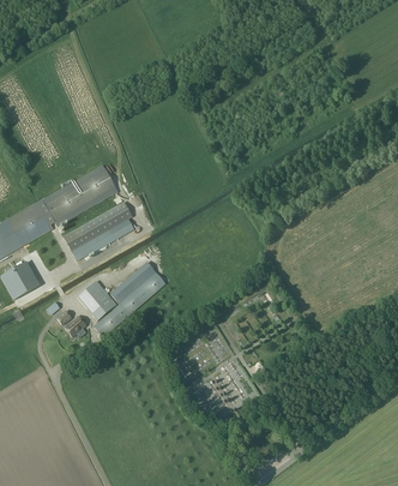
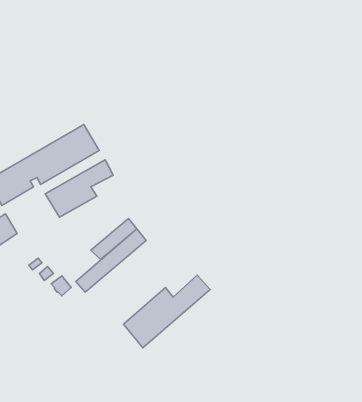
building: [78,281,117,322] -> none
building: none -> [123,275,210,348]

